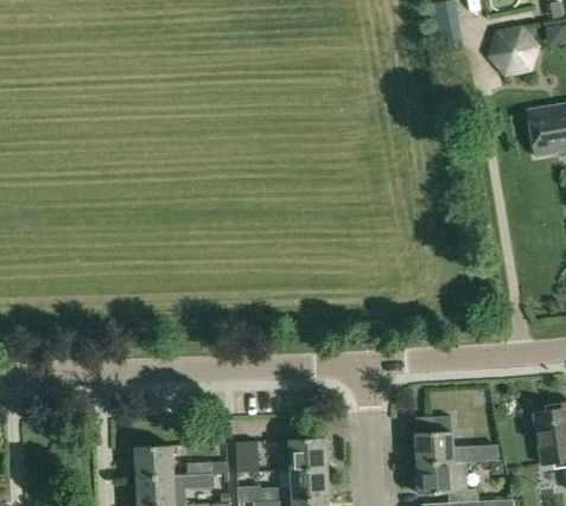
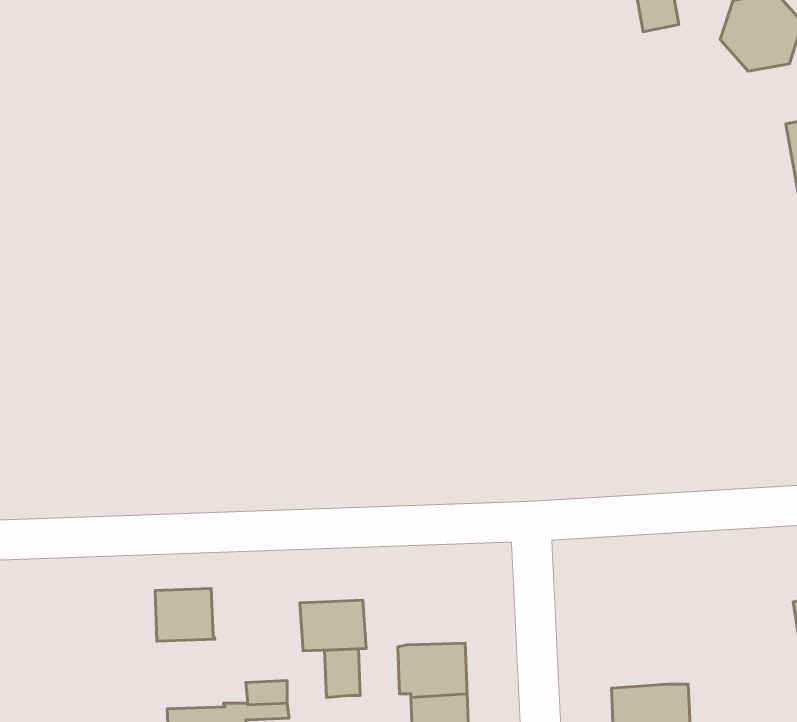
building: none -> [300,600,366,651]
building: [415,431,500,467] -> none
building: [135,447,173,480] -> [155,589,215,641]

